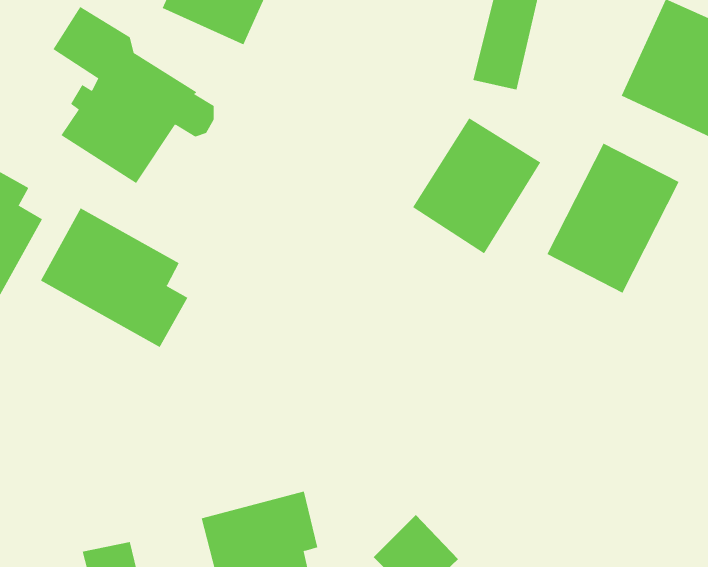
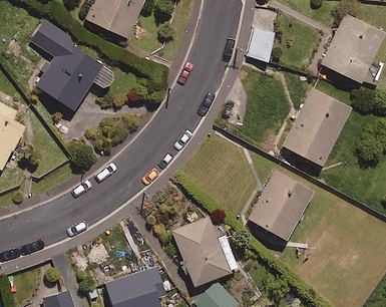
building: [412,117,541,254] -> [248,171,314,241]
building: [40,208,188,348] -> none
building: none -> [170,214,237,285]

